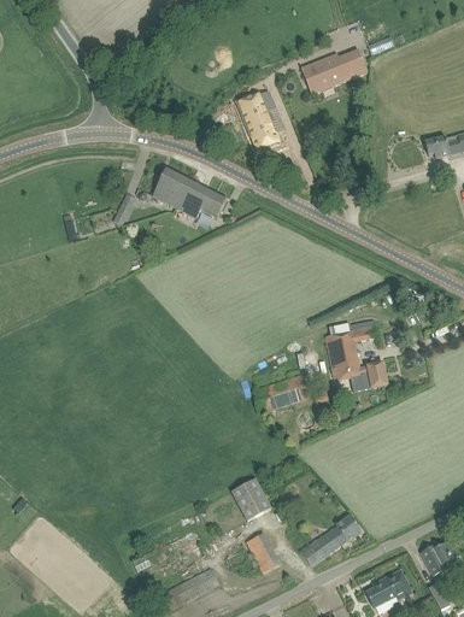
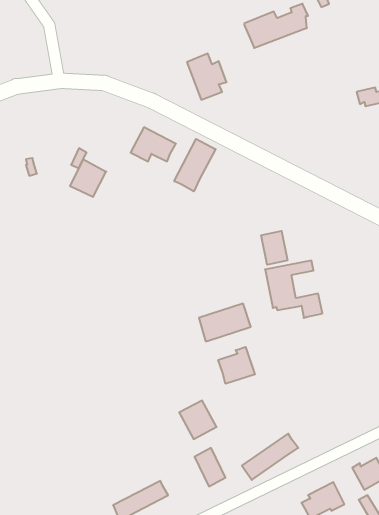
building: [152,166,192,207] -> [70,159,106,197]
building: none -> [174,139,216,191]
building: none -> [261,231,287,265]
building: none -> [218,347,255,384]

